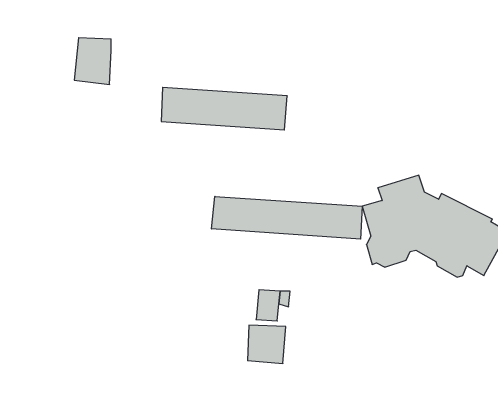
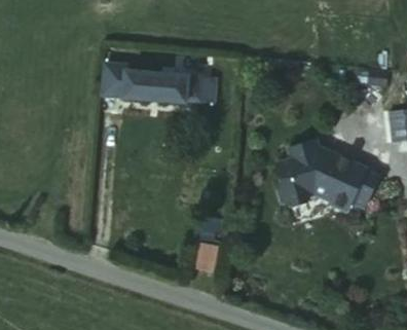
building: [74,38,111,84] -> [102,63,128,97]
building: [212,196,362,239] -> none

